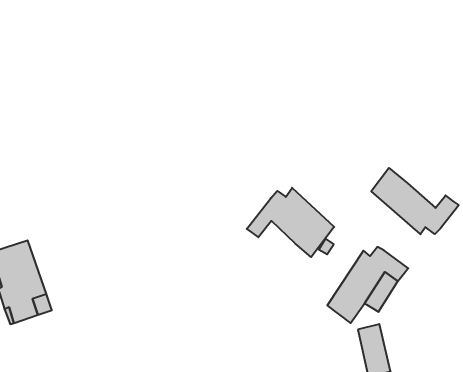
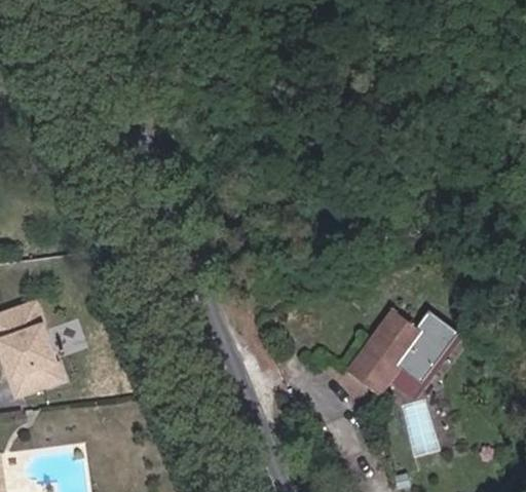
building: [371,168,459,234] -> none
building: [247,188,334,257] -> none

